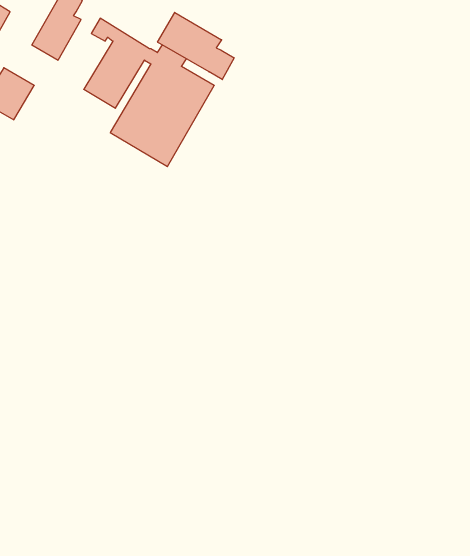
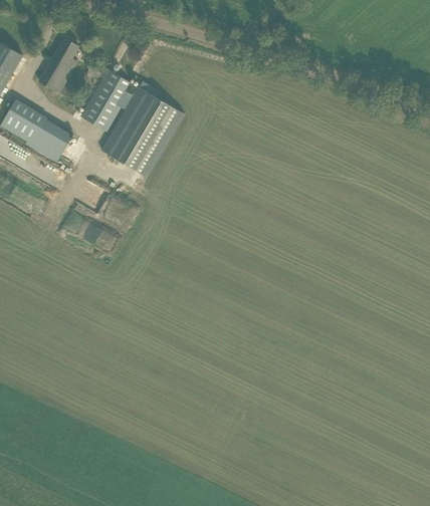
building: [158,12,234,80] -> none
building: none -> [24,113,72,162]

